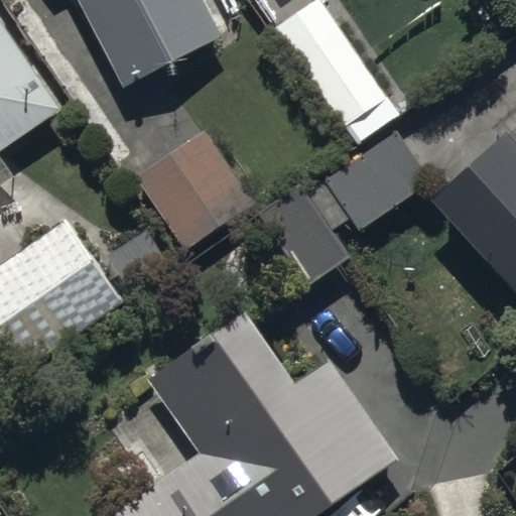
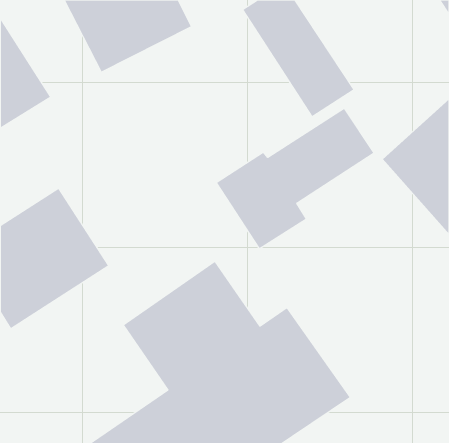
building: [131,125,257,248] -> none

